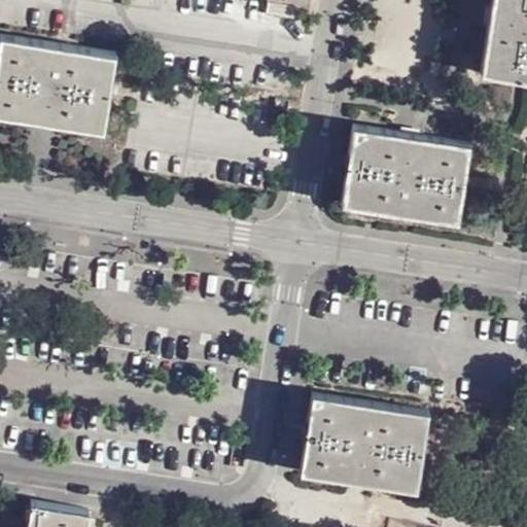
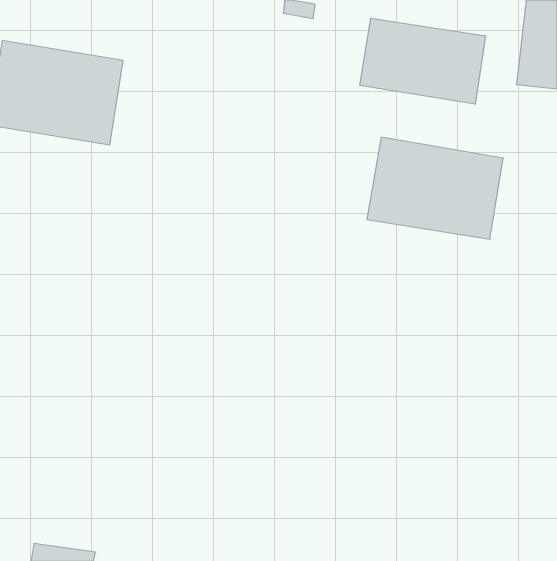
building: none -> [360,18,486,104]
building: [305,401,432,495] -> none

